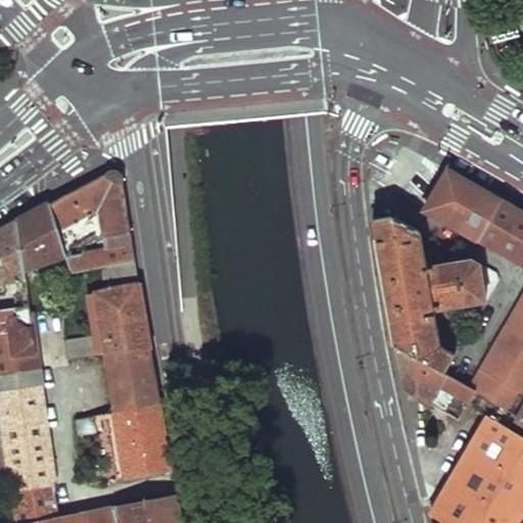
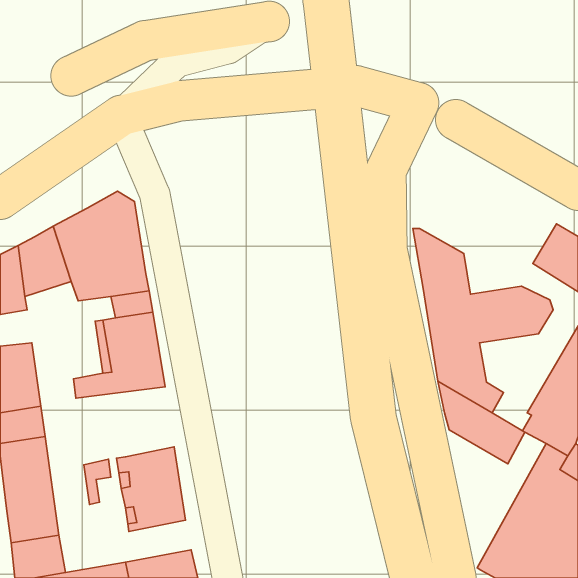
building: [425,170,503,238] -> none
building: [68,349,157,413] -> none

